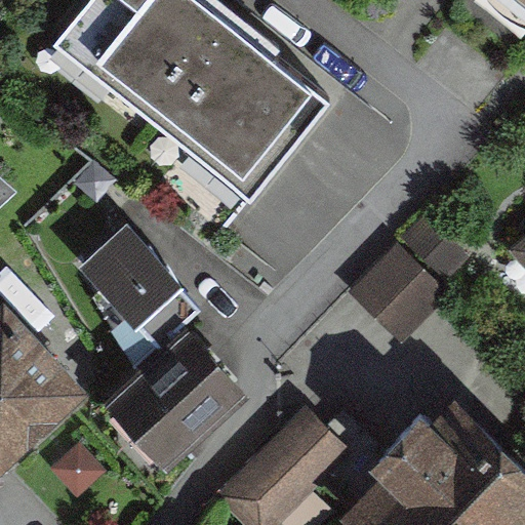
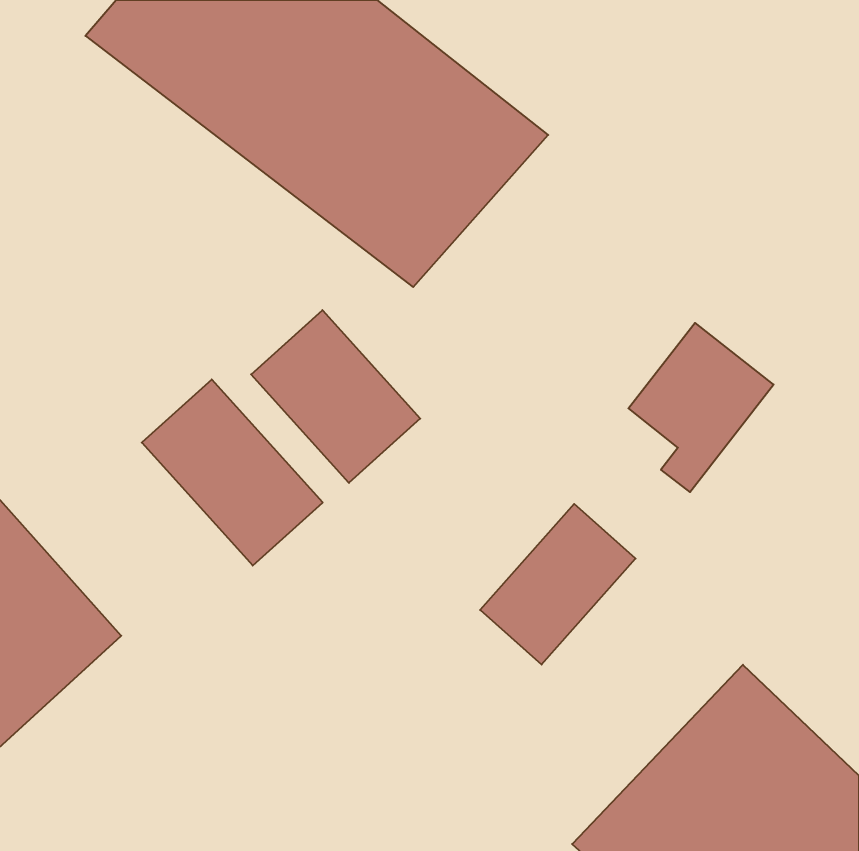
building: none -> [251,310,420,483]
building: [109,344,231,463] -> none
building: [241,419,334,516] -> [480,504,636,665]

